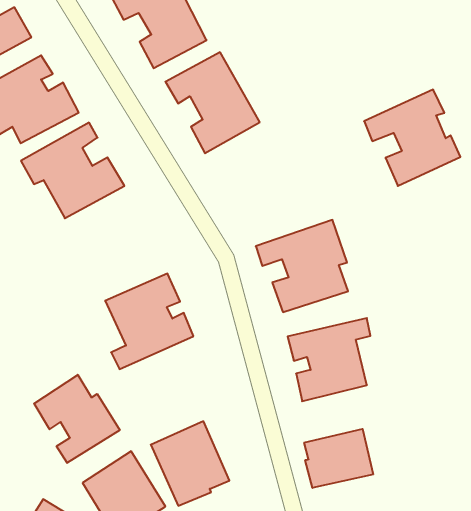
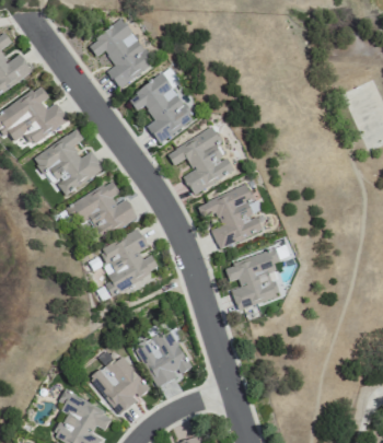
building: [364,90,460,186] -> [167,127,235,195]
building: none -> [66,182,139,241]
building: [34,375,120,463] -> none
building: [304,429,373,488] -> none

